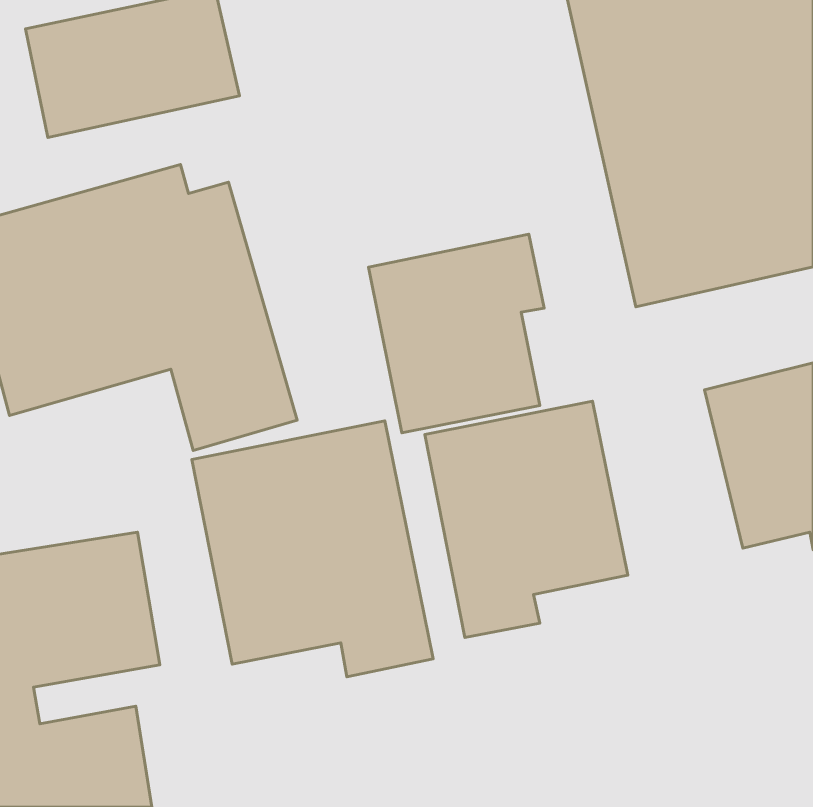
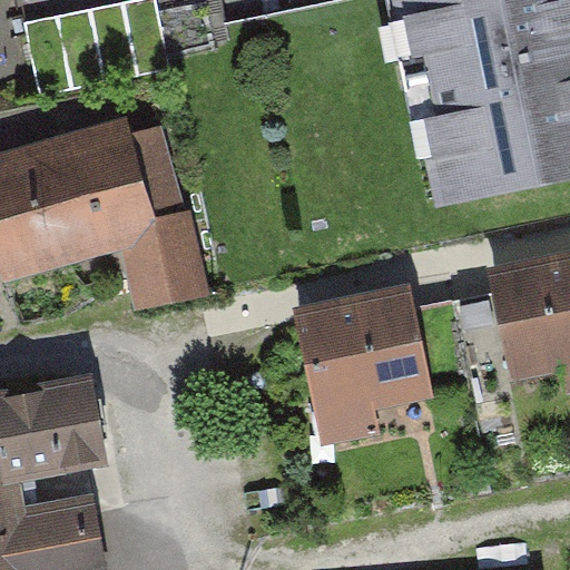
building: [369,234,544,433] -> none
building: [192,421,433,677] -> none

